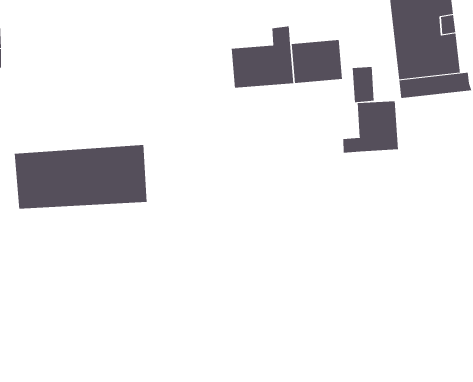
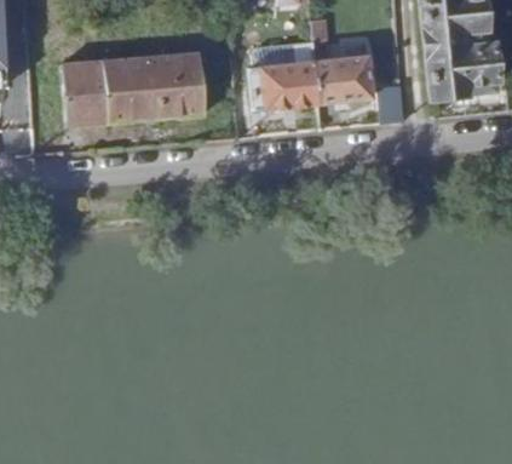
building: [343,100,399,154] -> none
building: [14,144,148,209] -> [62,52,205,121]

